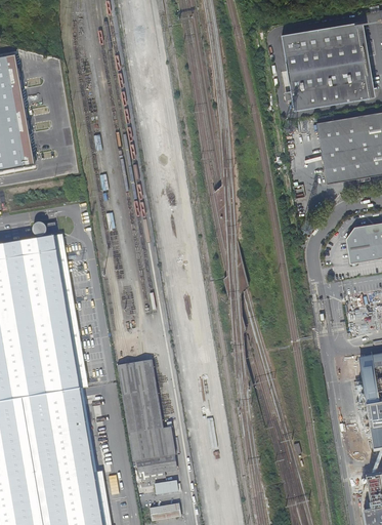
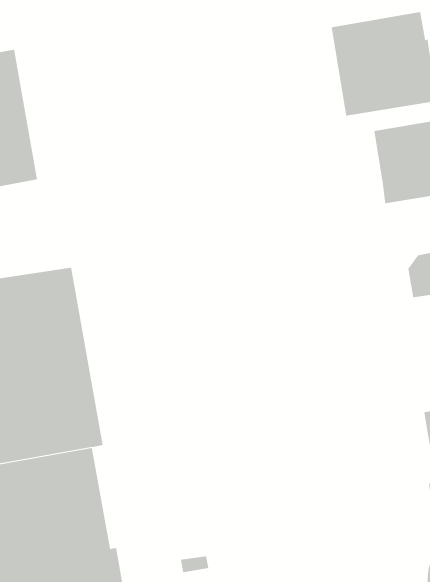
building: [116,359,175,482] -> none

